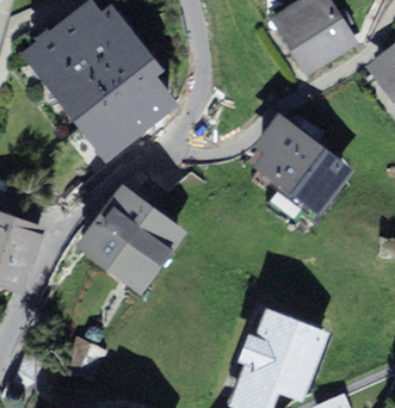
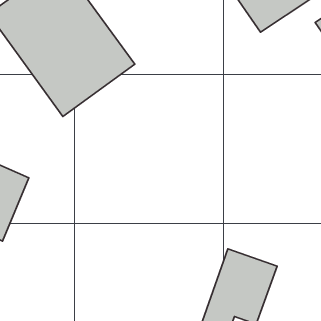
building: [259,117,357,211] -> none
building: [88,191,200,297] -> none

